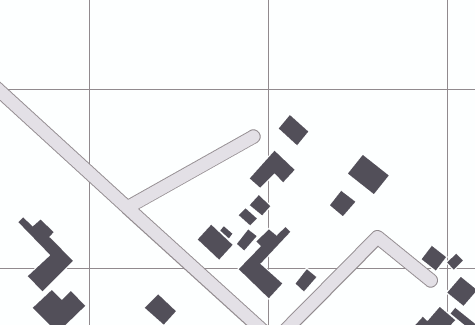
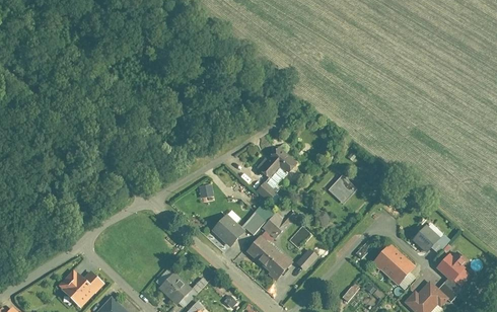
building: [278,114,309,146] -> none
building: [347,154,390,195] -> none
building: [17,216,74,292] -> none
building: none -> [374,247,413,284]

